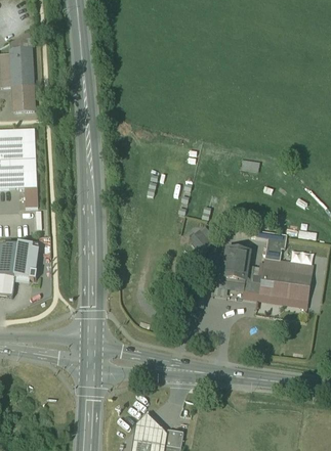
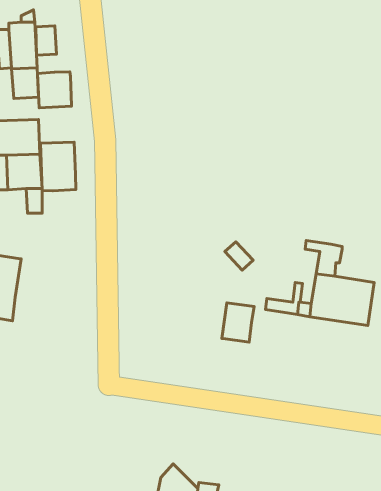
building: none -> [36,26,57,55]
building: none -> [38,72,72,108]
building: none -> [41,142,76,191]
building: [14,242,38,279] -> none
building: [222,247,249,280] -> [222,303,254,342]

